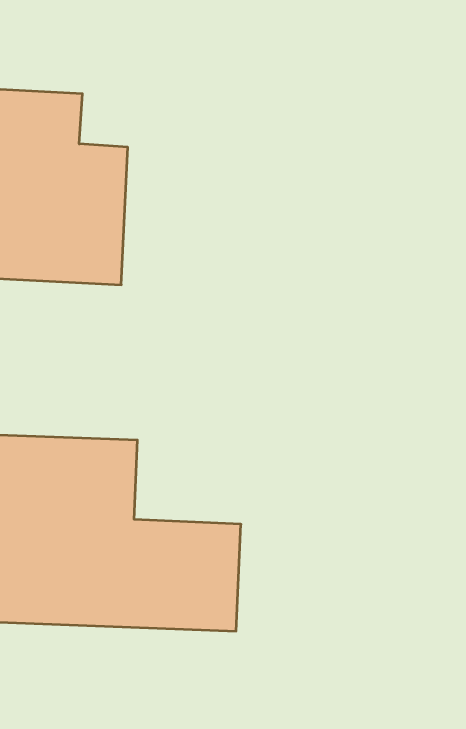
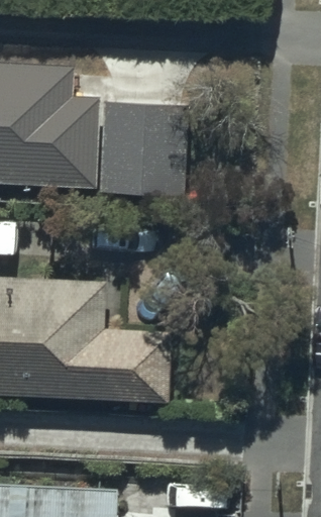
building: none -> [103,108,185,203]

